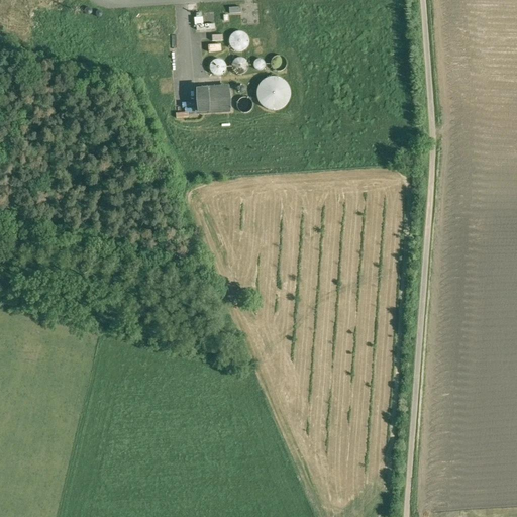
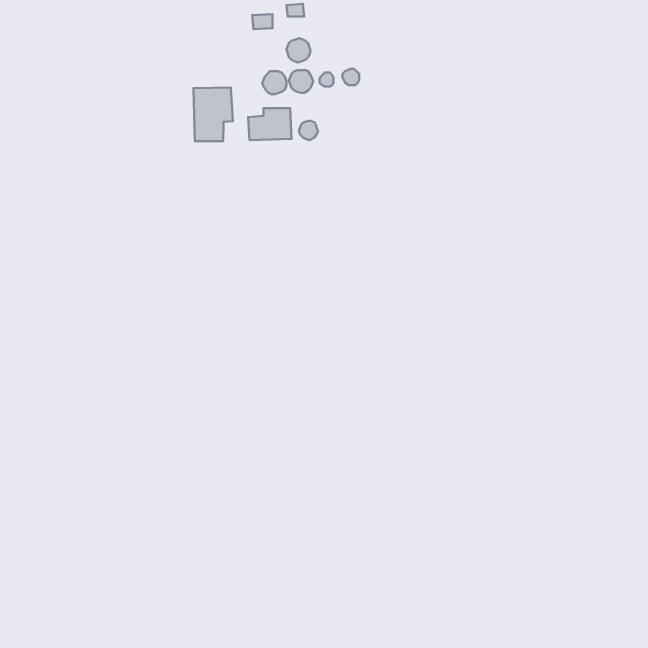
building: none -> [193,87,233,141]
building: [254,74,290,109] -> none

